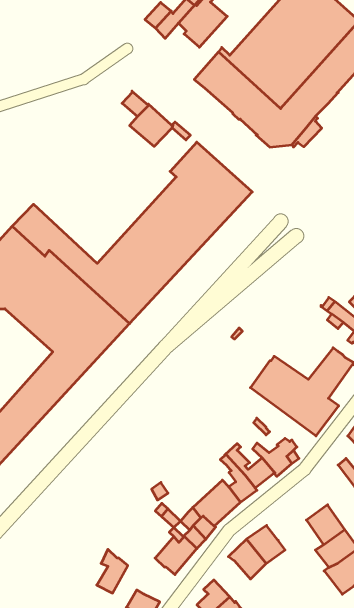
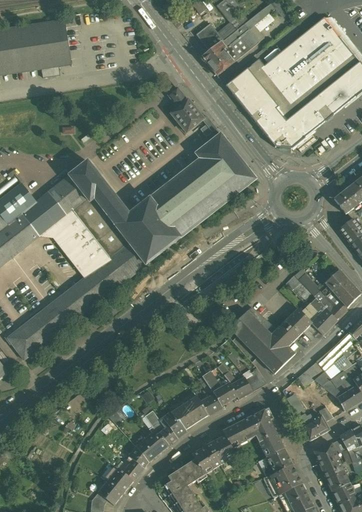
building: none -> [202,40,234,75]
building: none -> [223,406,274,447]
building: [97,549,128,593] -> [123,445,149,479]
building: none -> [178,457,207,484]

